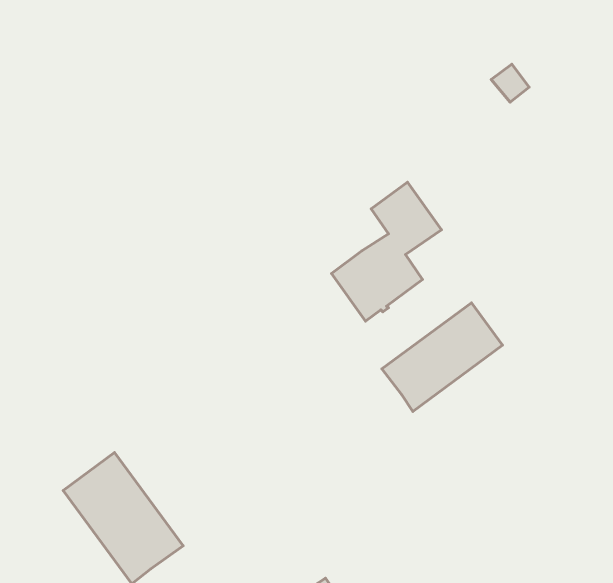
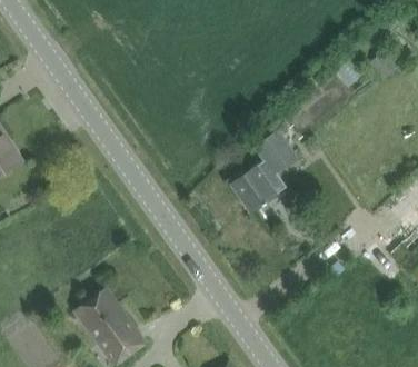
building: [382,303,503,411] -> none

